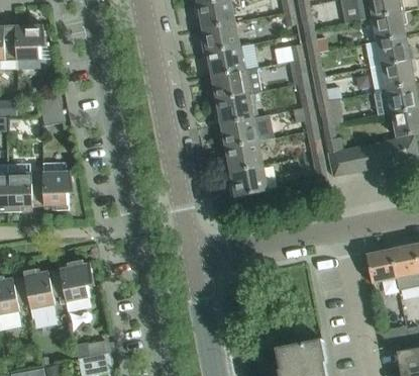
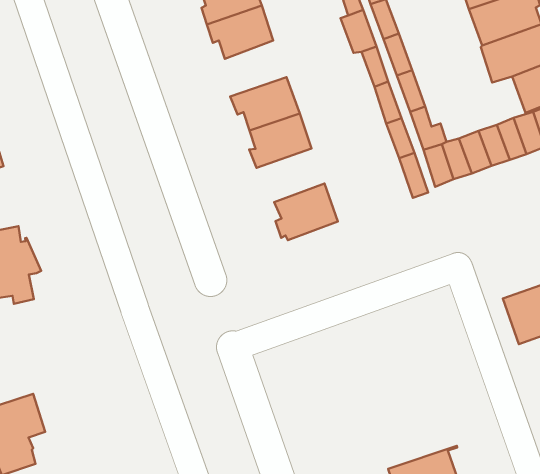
building: [209,66,260,99] -> none
building: [221,139,263,170] -> none
building: [60,259,94,311] -> none

